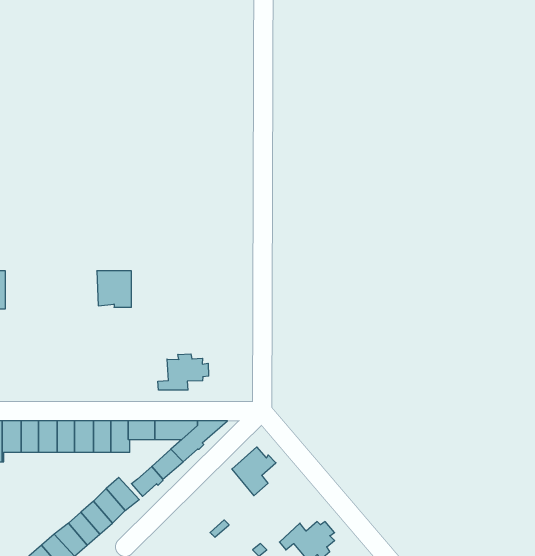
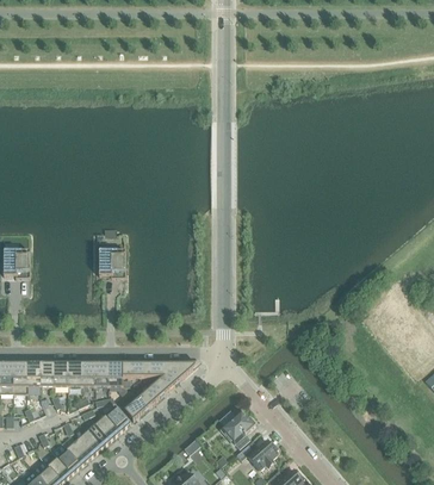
building: [158,354,209,390] -> none
building: [232,447,276,496] -> [221,410,254,447]

